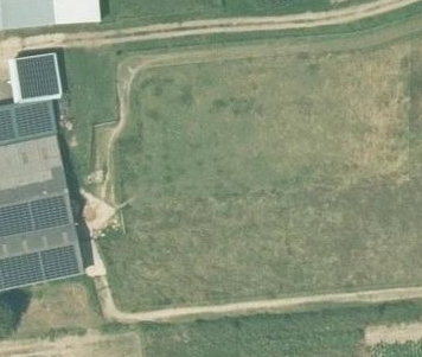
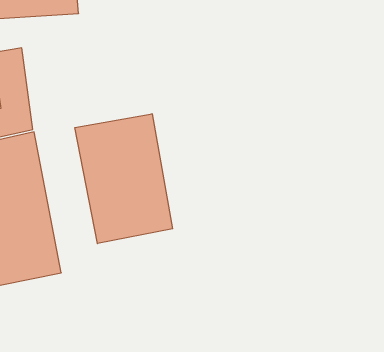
building: none -> [75,114,173,244]

